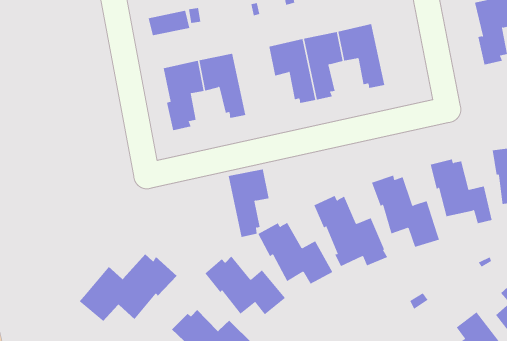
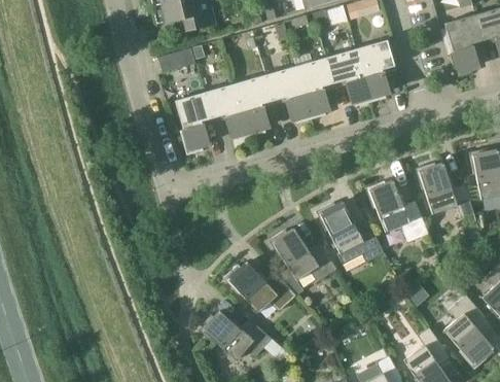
building: none -> [356,39,395,101]
building: [228,169,269,237] -> [236,74,274,136]
building: [79,253,178,322] -> none

